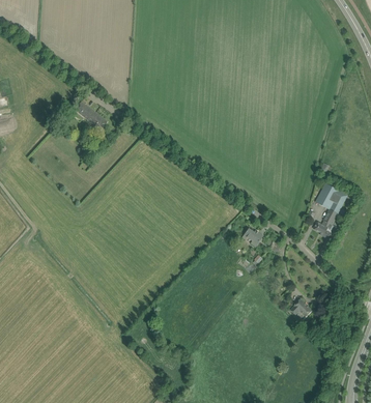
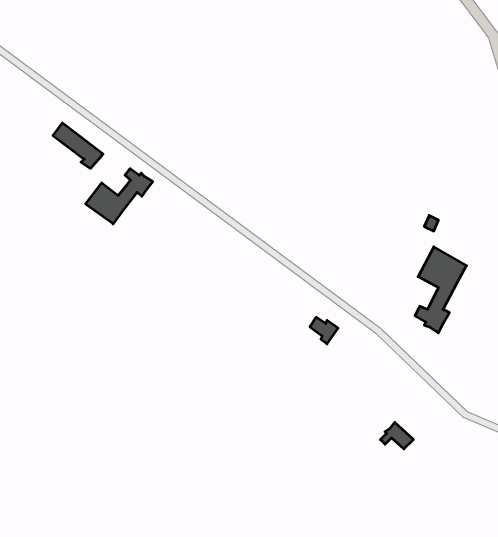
building: none -> [86,169,153,224]

